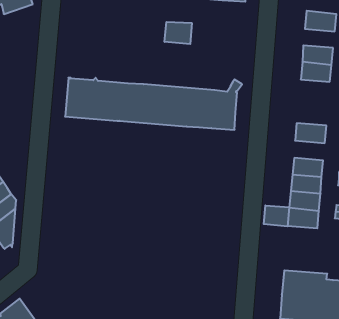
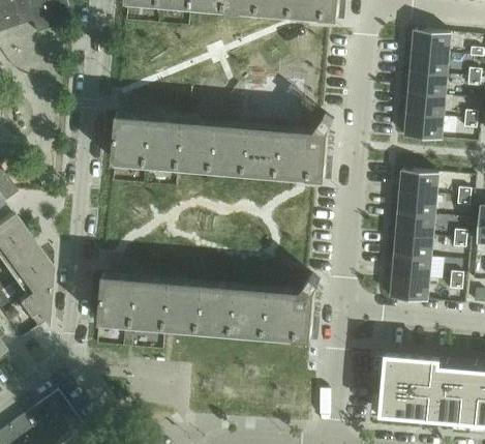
building: [165,22,192,44] -> none
building: none -> [408,55,448,79]
building: none -> [403,118,442,143]
building: none -> [397,195,435,219]
building: [264,205,289,226] -> none
building: none -> [97,276,317,342]

